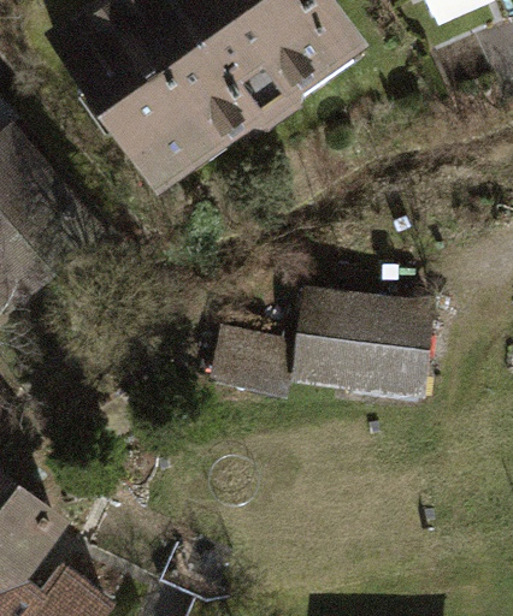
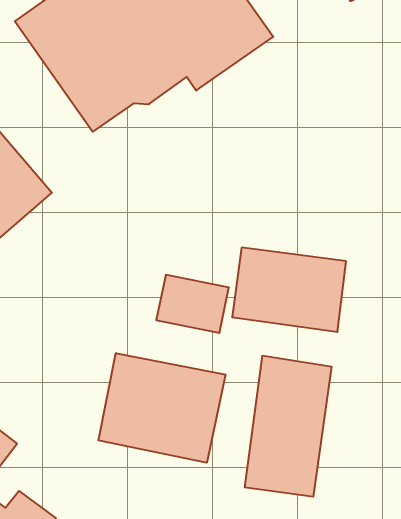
building: none -> [98,353,226,463]
building: none -> [245,356,332,497]

